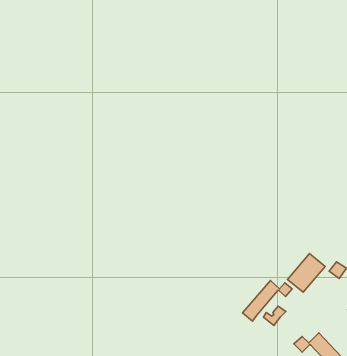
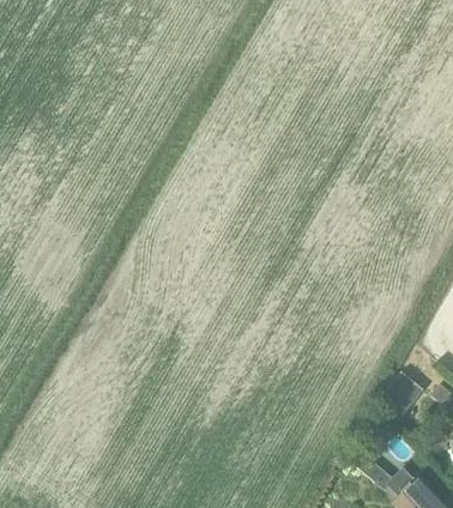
building: [243,281,292,321] -> none

